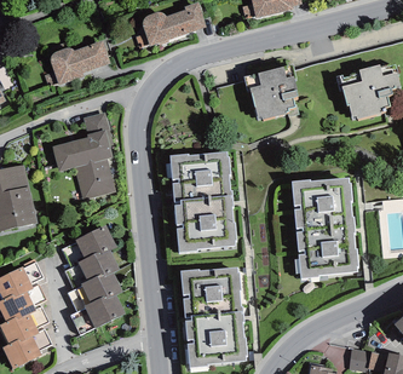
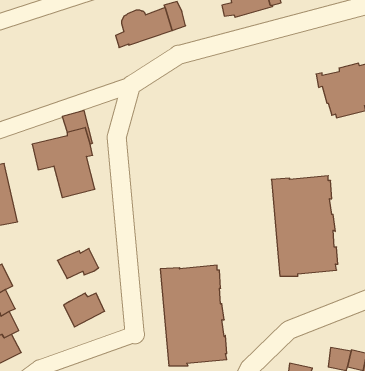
building: [45,40,110,85] -> none
building: [243,63,299,119] -> none
building: [169,150,236,251] -> none
building: [75,224,116,258] -> none
building: [80,272,122,303] -> none

